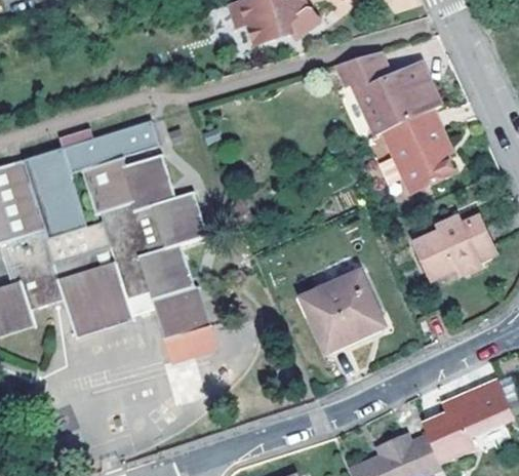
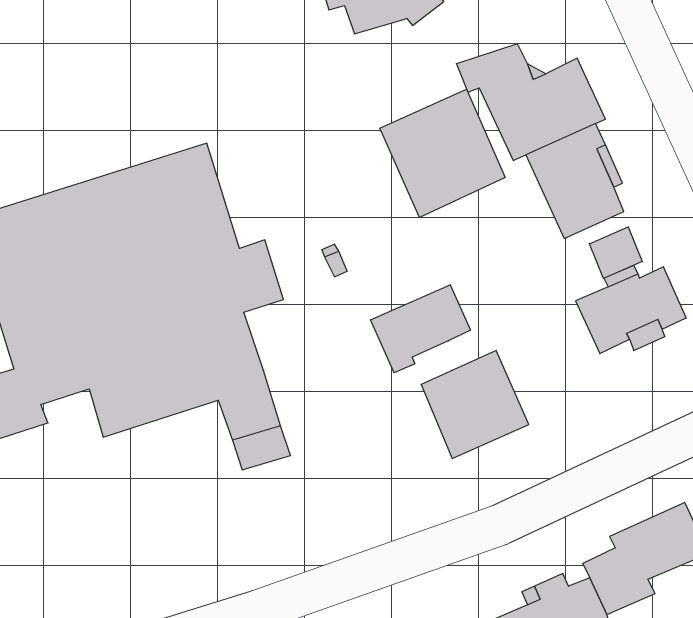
building: none -> [380,89,505,217]
building: none -> [589,227,642,278]
building: none -> [371,285,470,373]

